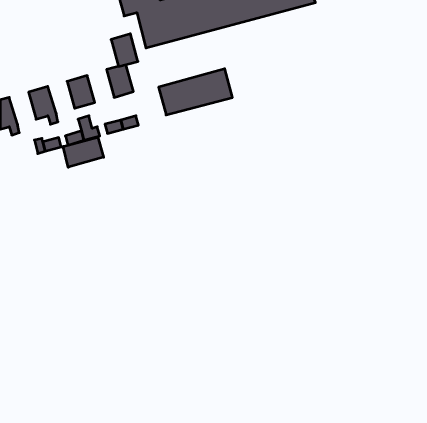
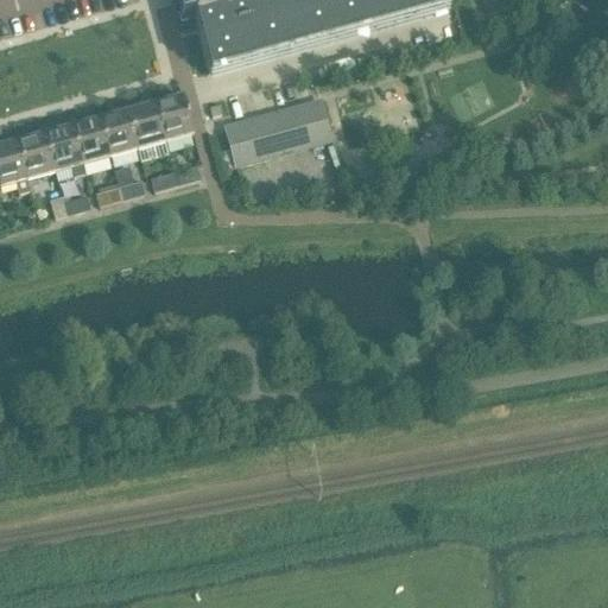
building: [111,34,138,66] -> [126,99,164,145]
building: none -> [70,115,108,160]
building: none -> [14,128,53,176]
building: [63,137,104,167] -> none

